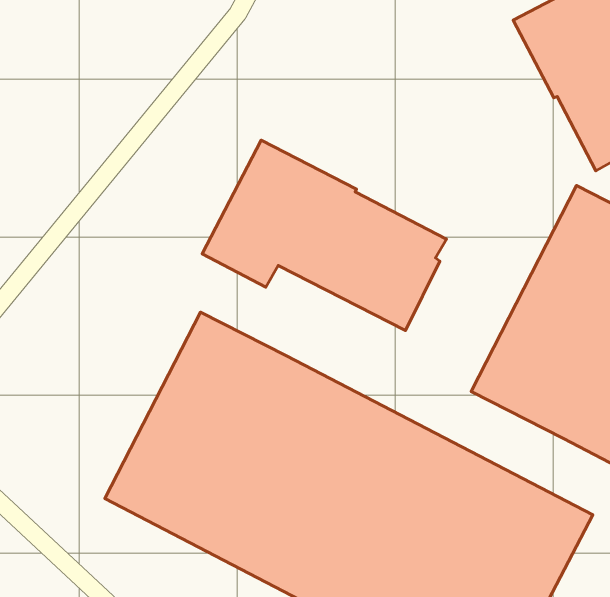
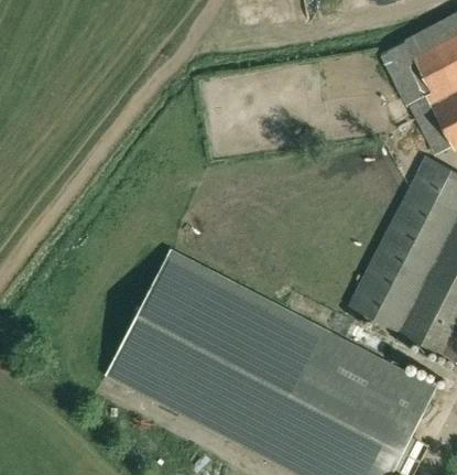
building: [202,140,447,330] -> none

